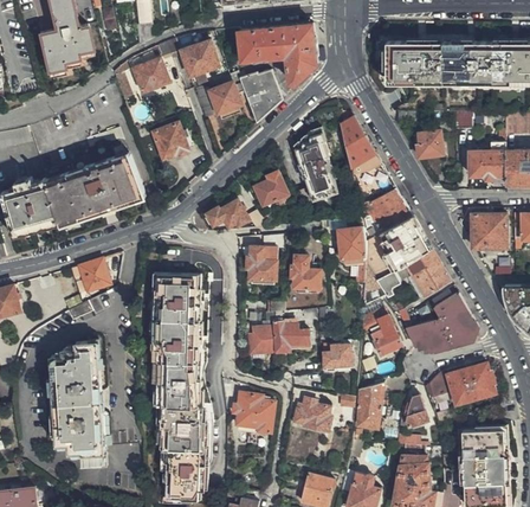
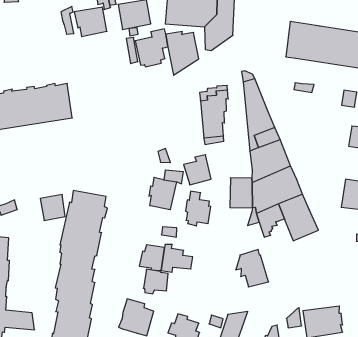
building: [150,122,189,162] -> none
building: [418,129,445,155] -> none
building: [253,169,287,207] -> [184,155,211,185]
building: [206,199,248,226] -> none
building: [78,258,110,291] -> [40,195,65,220]
building: [396,294,480,354] -> none
building: [325,345,353,372] -> [143,269,168,294]

